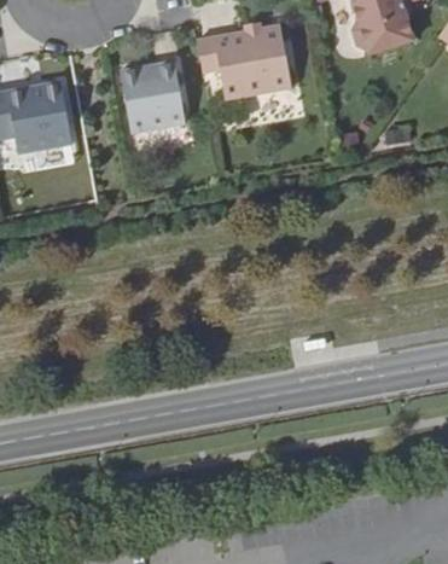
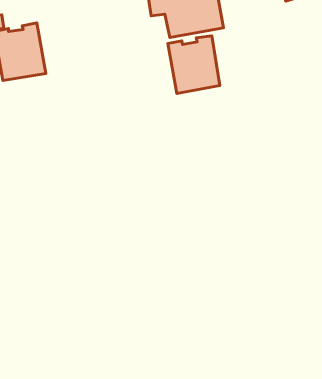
building: [121,62,185,133] -> [168,36,220,93]

